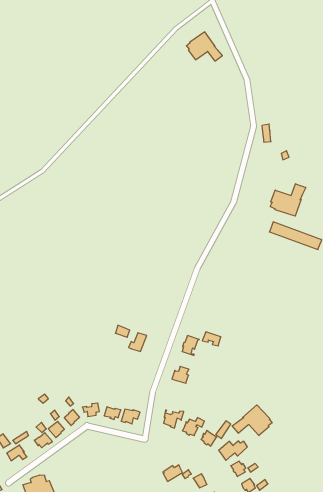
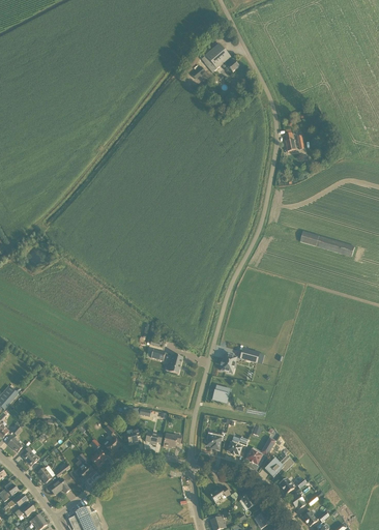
building: [270,184,306,216] -> none
building: [232,405,272,436] -> none

